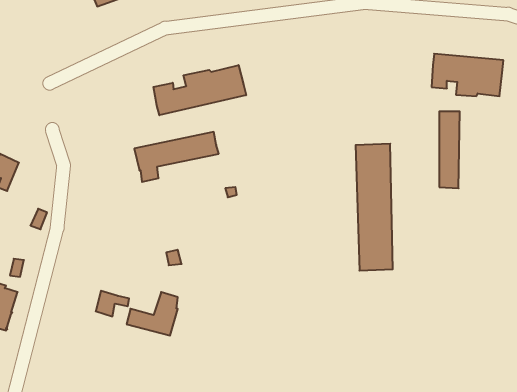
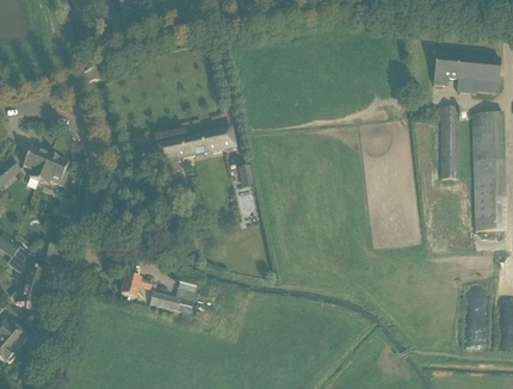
building: [153,65,246,115] -> none
building: [356,144,393,271] -> [470,111,505,229]
building: none -> [37,153,67,184]

